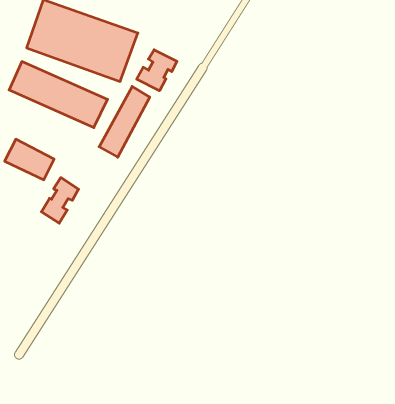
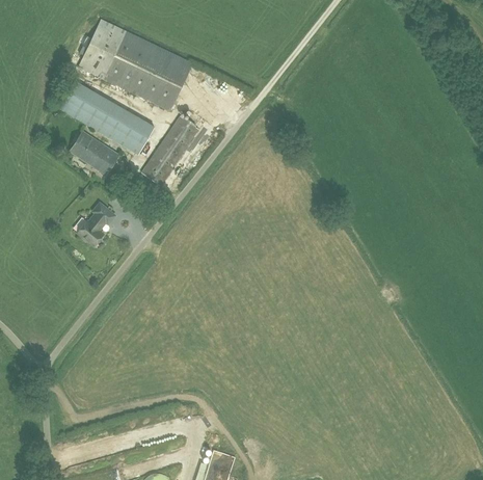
building: [137,50,177,91] -> none
building: [5,139,54,180] -> [69,131,118,175]

